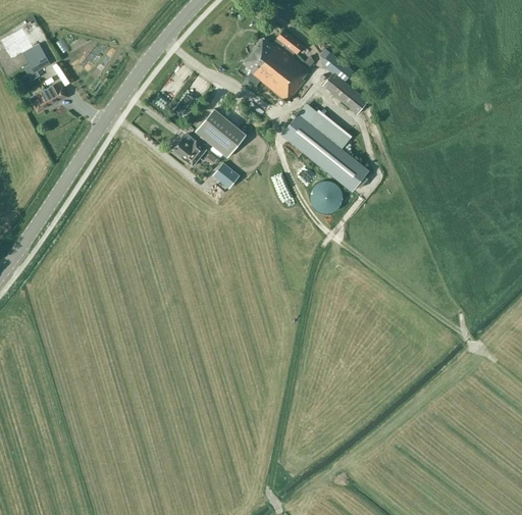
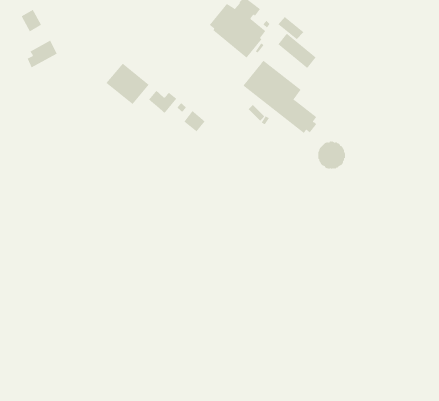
building: [195,107,246,156] -> [106,63,150,105]
building: [308,179,341,212] -> [318,141,346,169]

